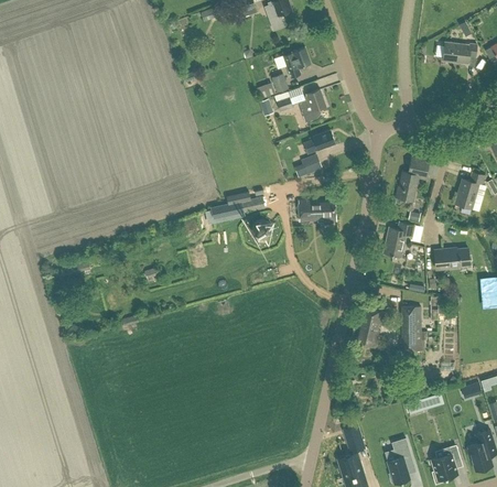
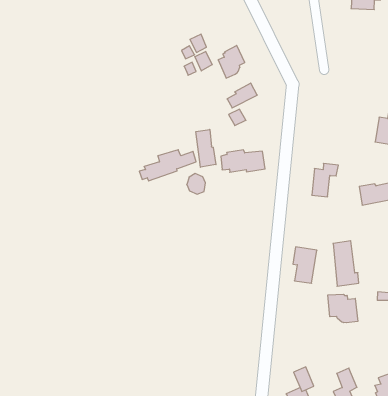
building: [283,48,312,79] -> none
building: [396,156,430,202] -> none
building: none -> [196,129,216,167]
building: none -> [328,294,358,323]

